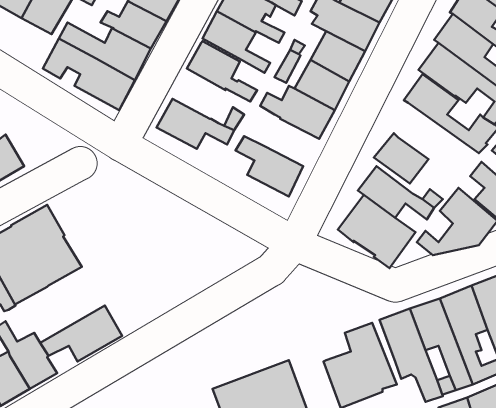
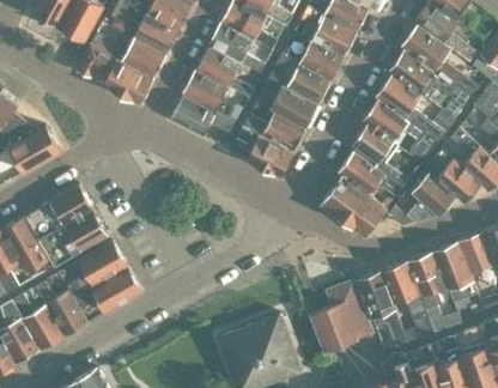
building: none -> [182,71,227,113]
building: none -> [363,99,438,164]
building: none -> [244,113,305,153]
building: none -> [66,241,128,299]

